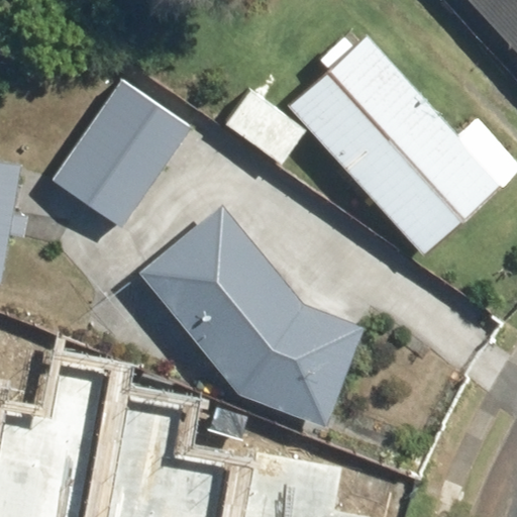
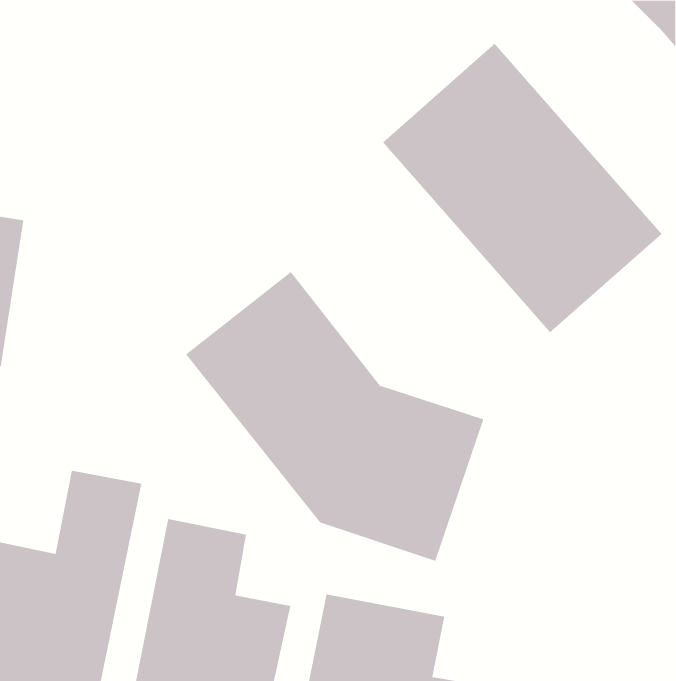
building: [49,85,186,230] -> none

